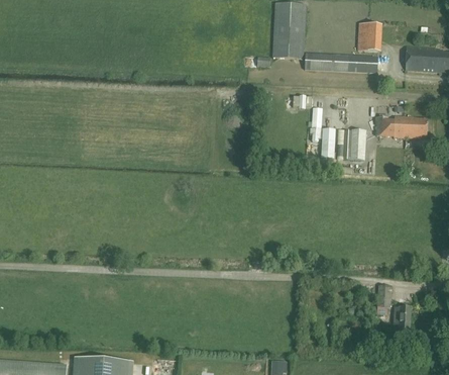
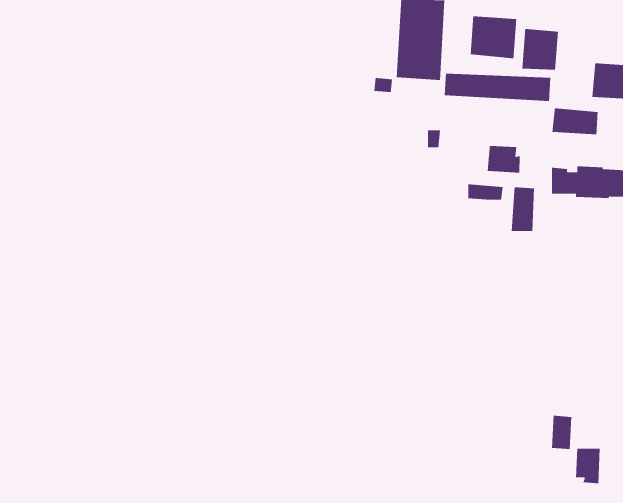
building: none -> [470,16,517,59]
building: none -> [552,108,598,135]
building: none -> [487,145,520,173]

